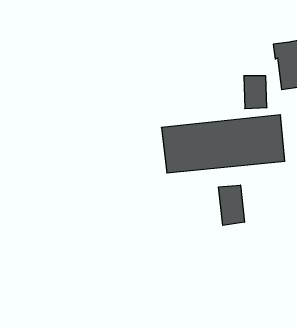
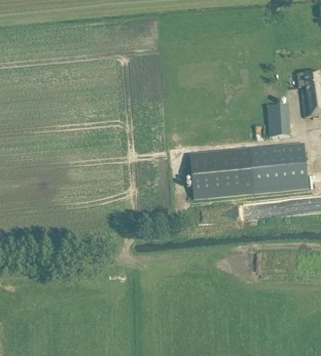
building: [219,185,244,225] -> none

